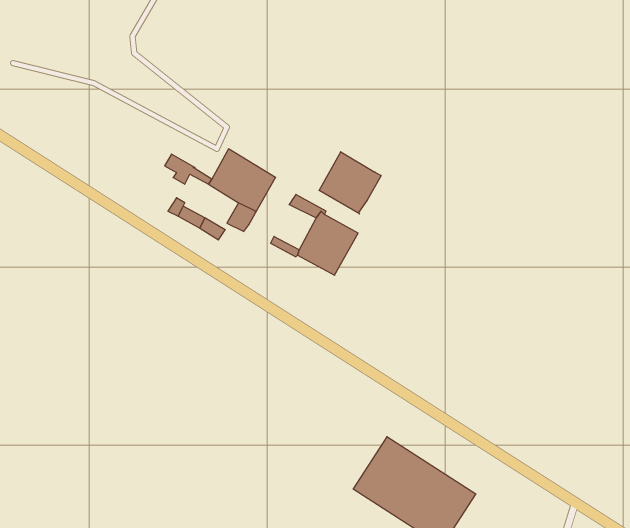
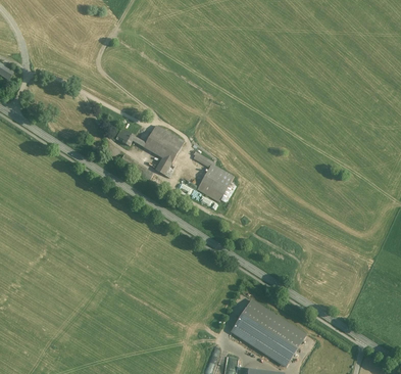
building: [319,152,381,214] -> none

